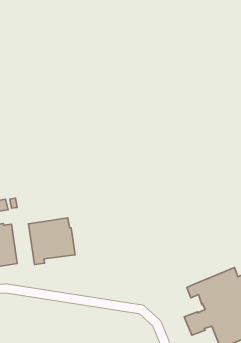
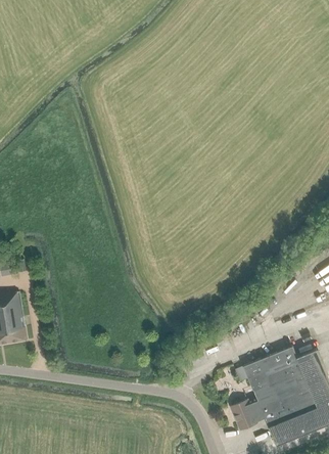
building: [29,218,75,265] -> none

